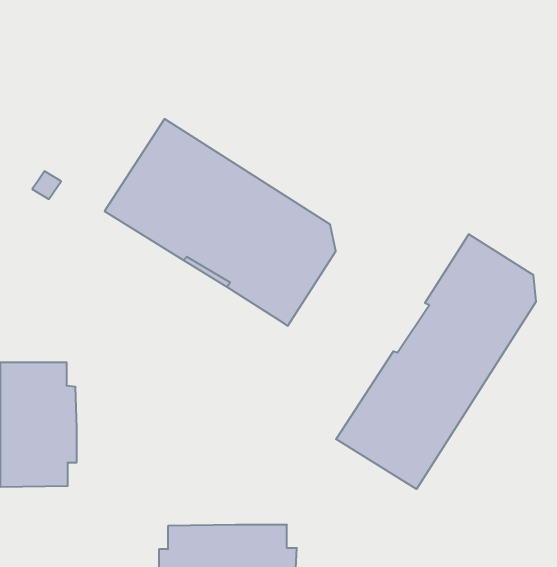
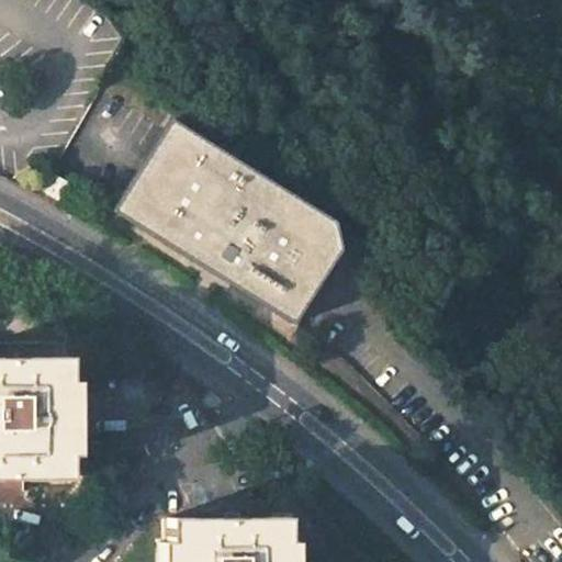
building: [336,234,536,489] -> none

